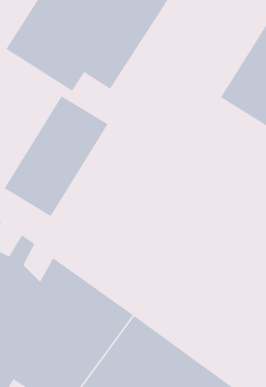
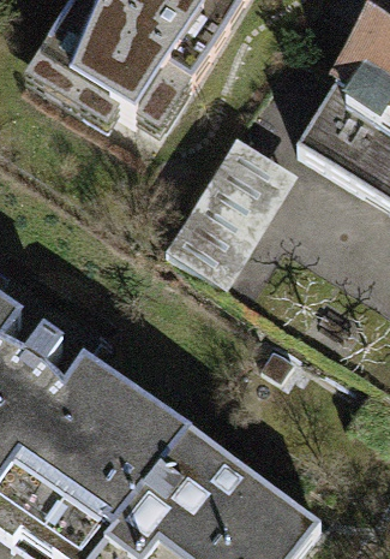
building: [4,95,109,217] -> [162,133,298,291]

